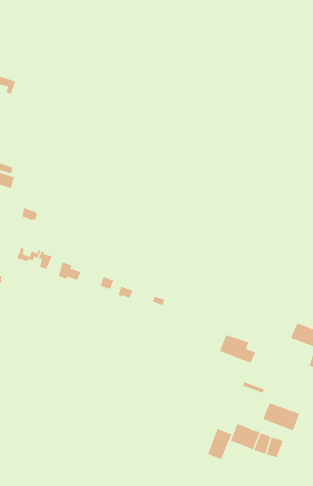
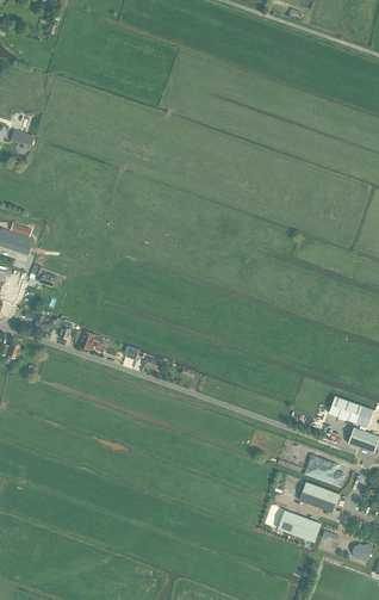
building: [219,335,256,363] -> [304,454,343,485]
building: [207,428,232,460] -> none

